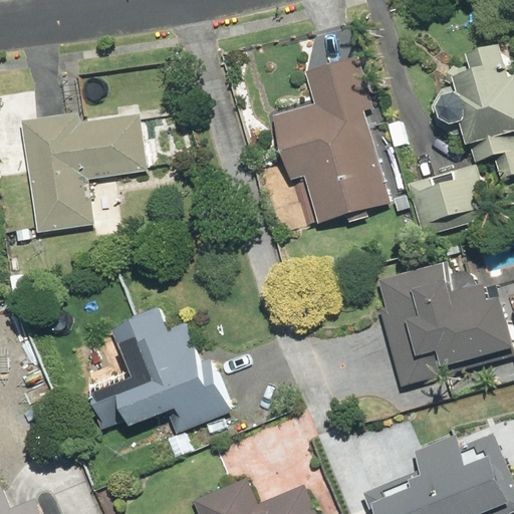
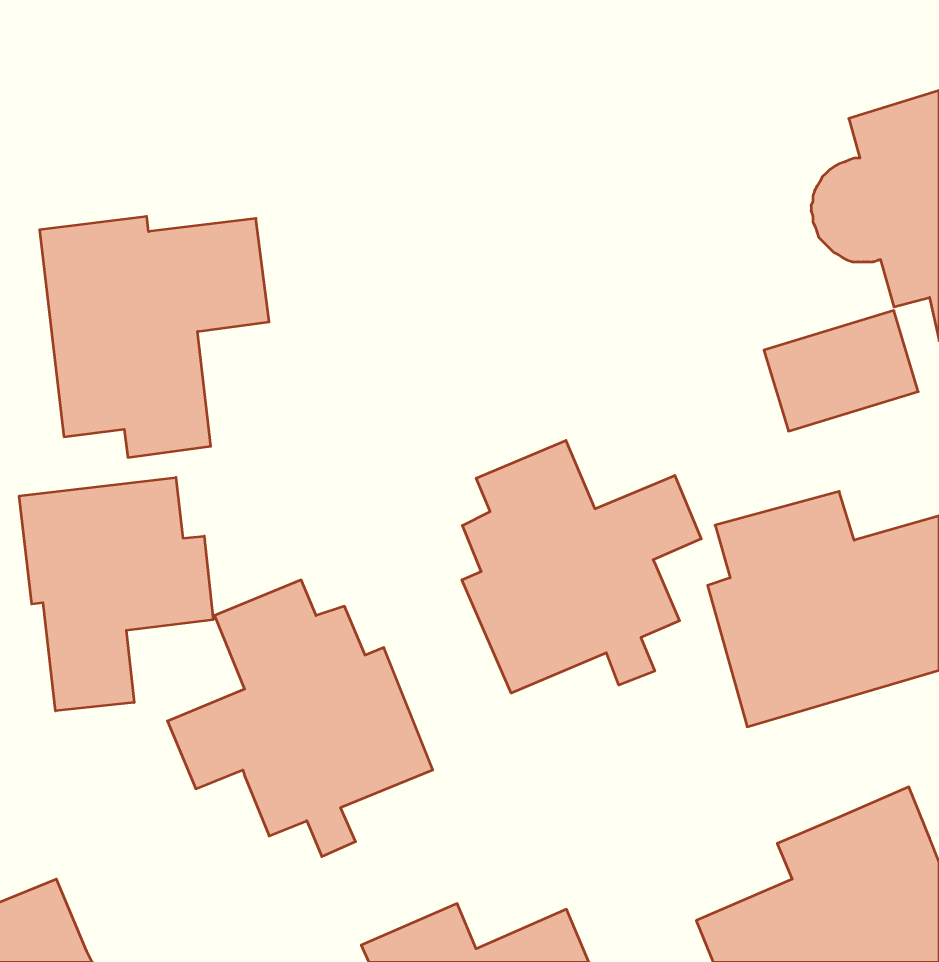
building: [273,56,391,227] -> none
building: none -> [462,440,701,693]
building: none -> [19,477,213,711]

